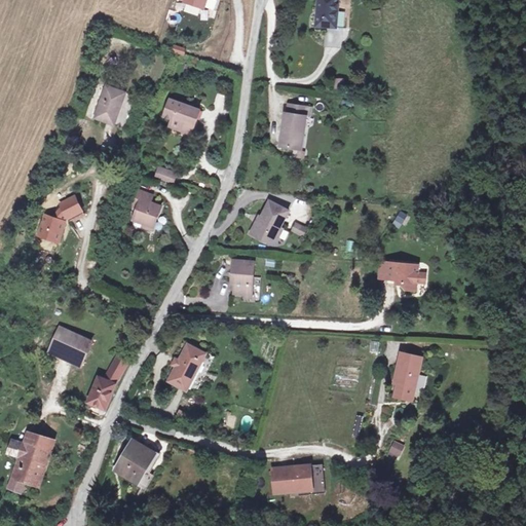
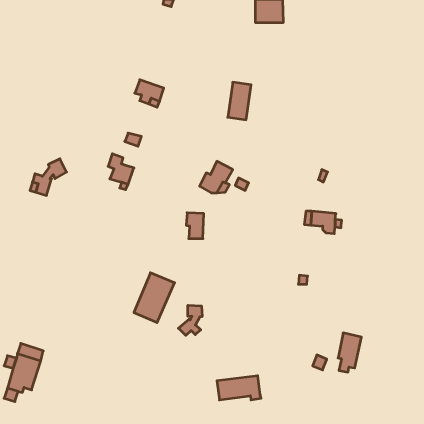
building: [95,85,125,123] -> none
building: [47,326,89,364] -> none
building: [392,350,421,399] -> [338,333,361,372]
building: [86,356,129,410] -> none
building: none -> [178,305,202,335]
building: [116,440,155,481] -> none

